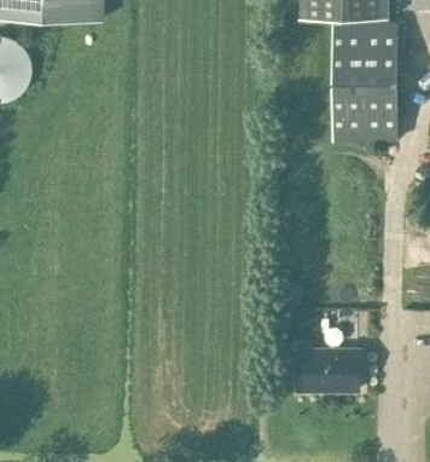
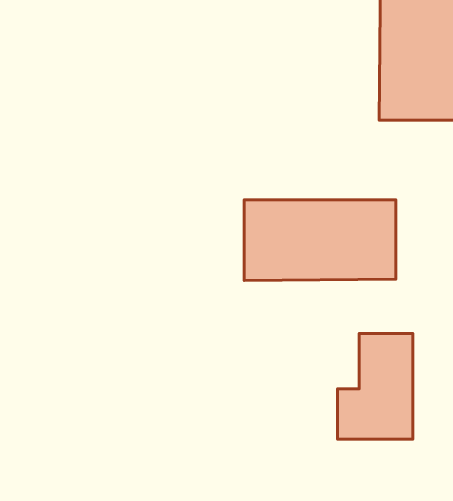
building: none -> [244,200,396,281]

